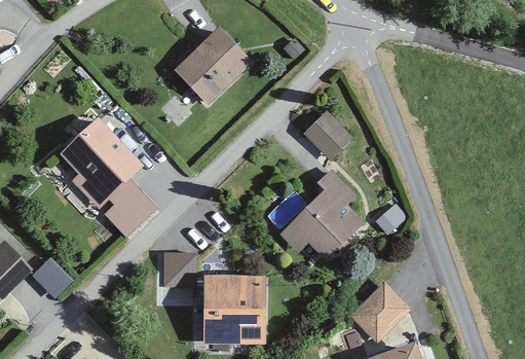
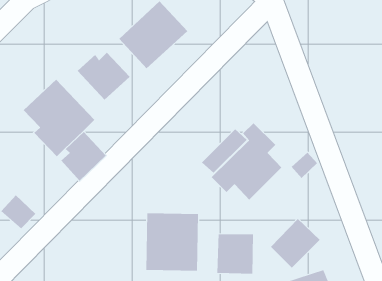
building: none -> [77,52,131,100]
building: [301,110,350,160] -> none
building: [161,253,195,287] -> none
building: none -> [217,233,253,275]

